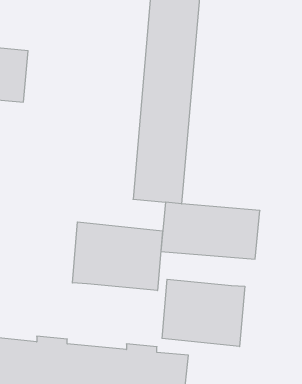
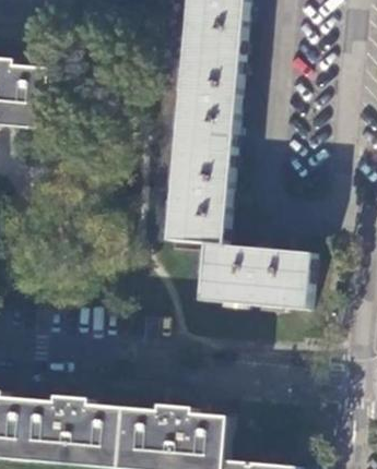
building: [72,222,162,291] -> none
building: [162,279,245,347] -> none

